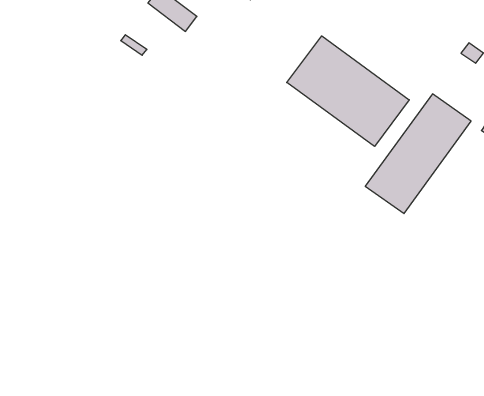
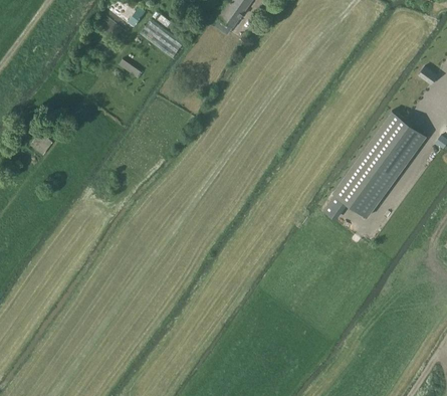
building: [287,36,409,146] -> none

